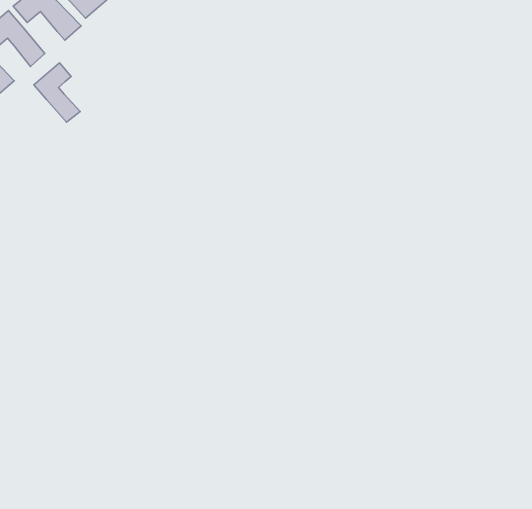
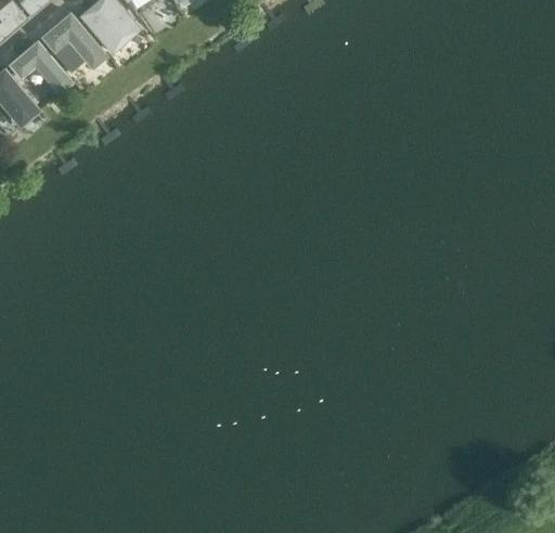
building: [34,63,80,122] -> none

